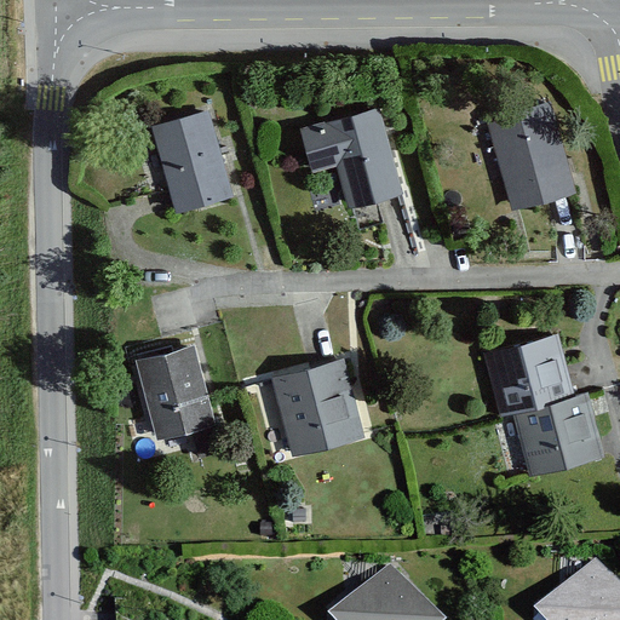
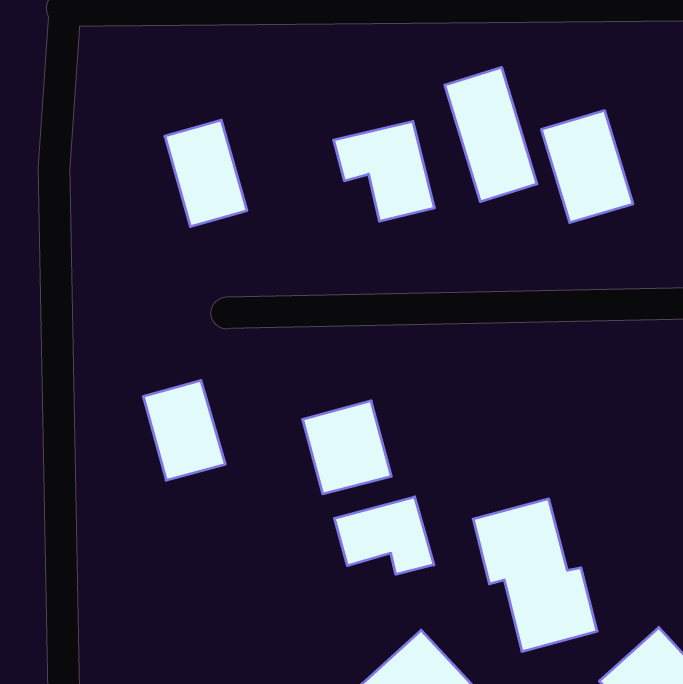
building: none -> [445,67,537,202]
building: [489,338,601,475] -> [473,499,597,651]
building: none -> [334,497,434,574]

